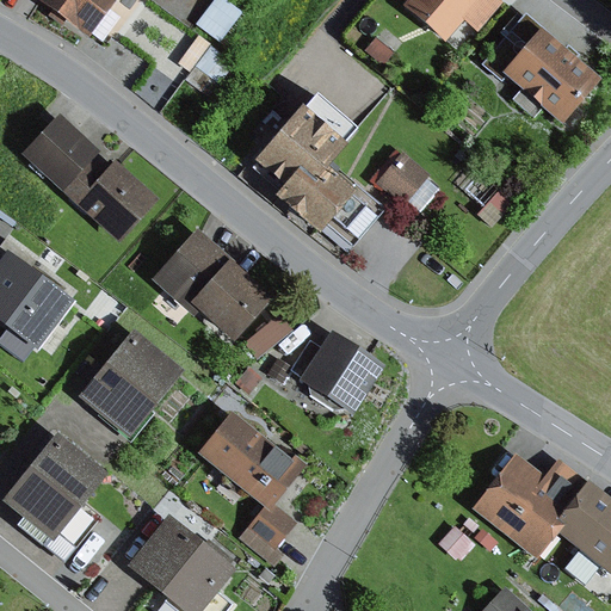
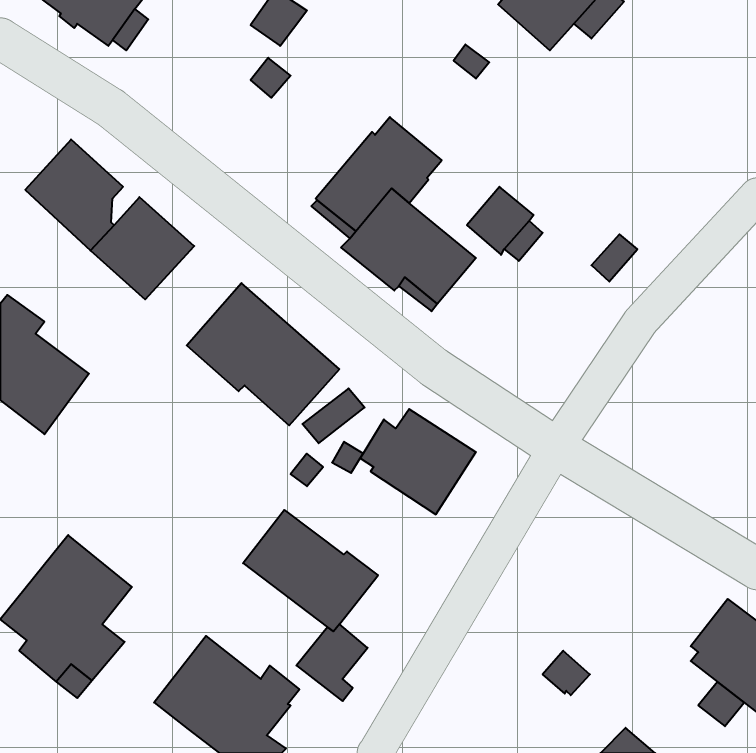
building: [482,11,600,124] -> none
building: [80,328,184,436] -> none
building: [470,451,587,560] -> none

